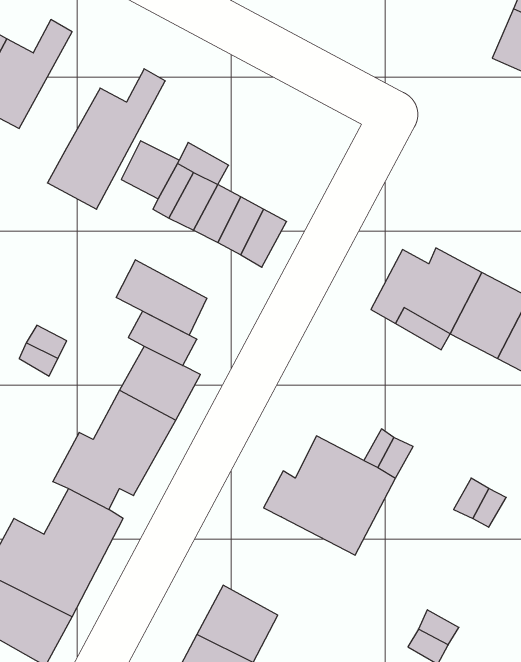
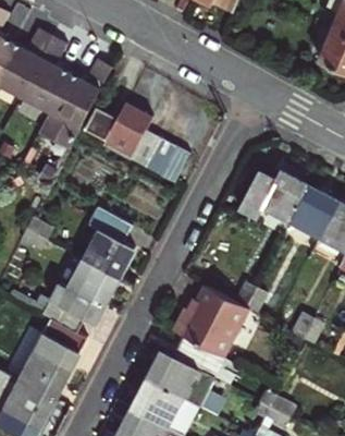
building: none -> [23,37,73,111]
building: [116,260,207,335] -> none
building: none -> [149,338,231,410]

